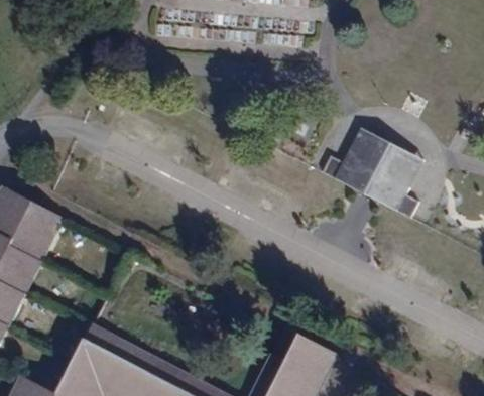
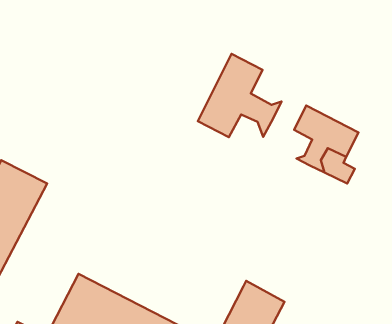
building: none -> [198,54,282,137]
building: [322,158,368,191] -> none

